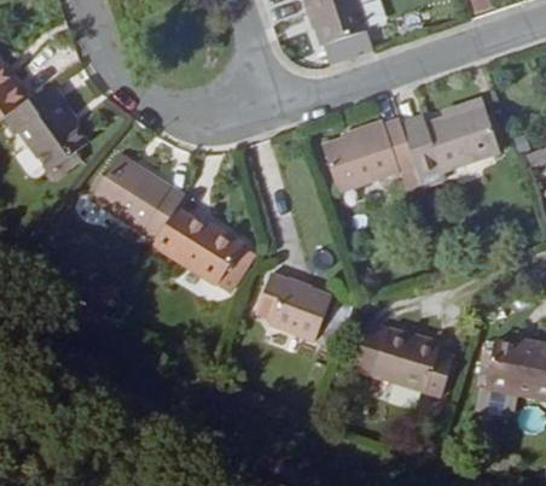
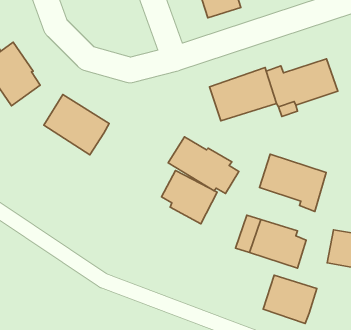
building: [152,210,250,288] -> [168,137,239,193]
building: none -> [260,154,326,211]
building: none -> [263,275,317,323]

